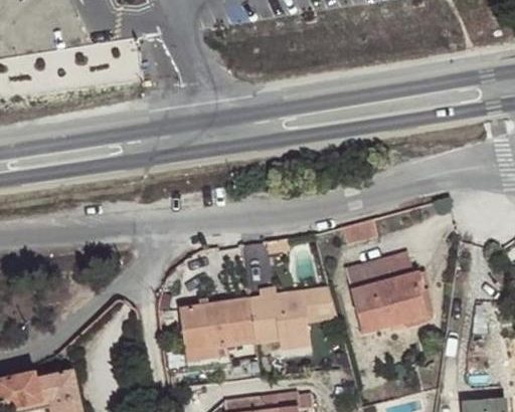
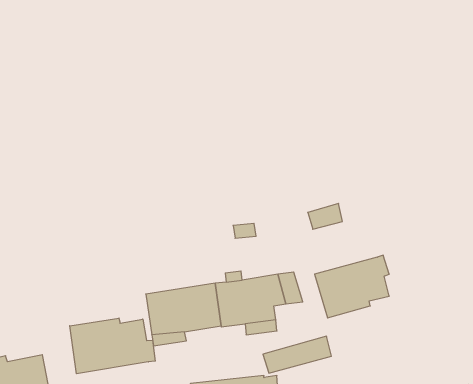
building: [343,252,412,289] -> [263,336,331,373]
building: none -> [70,318,155,374]

